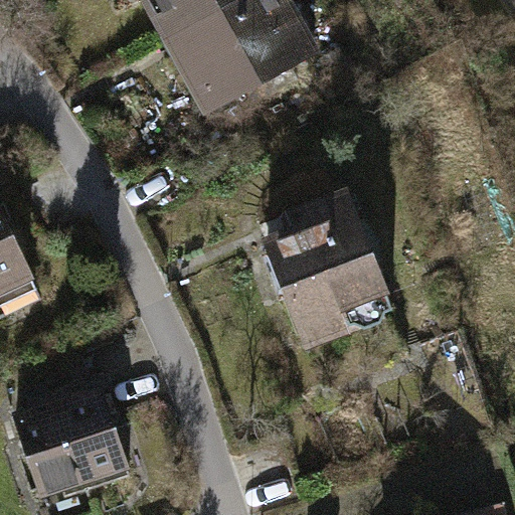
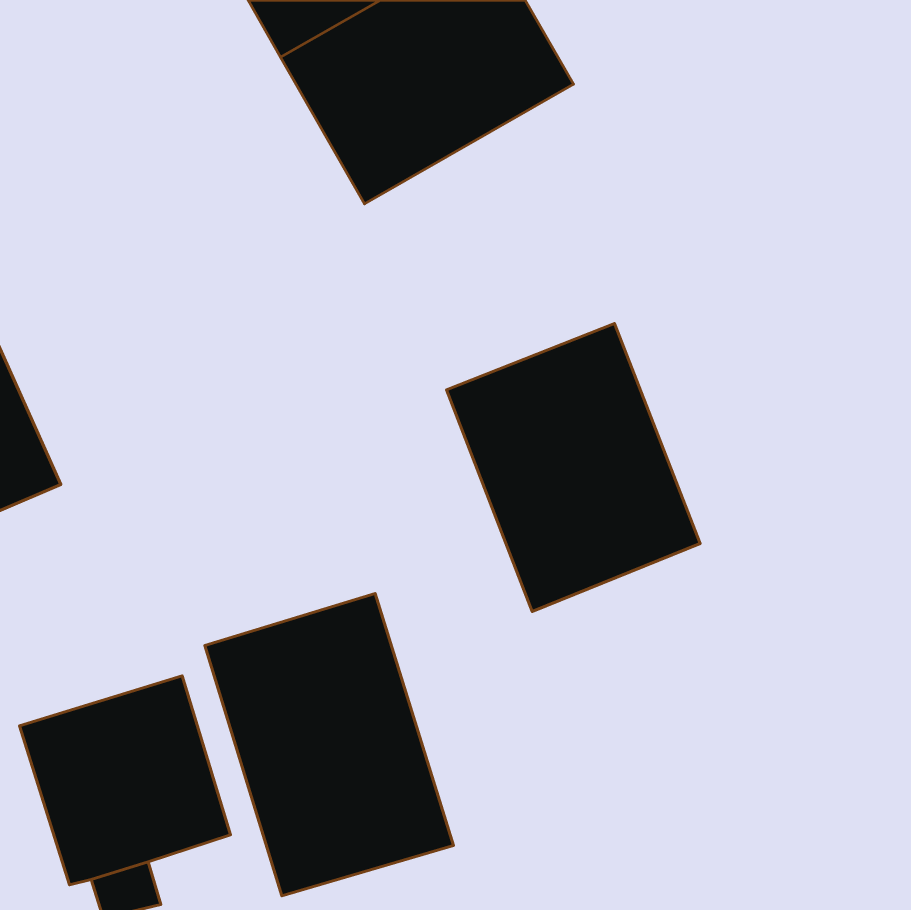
building: none -> [205,594,453,896]

